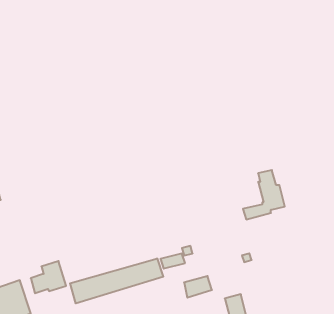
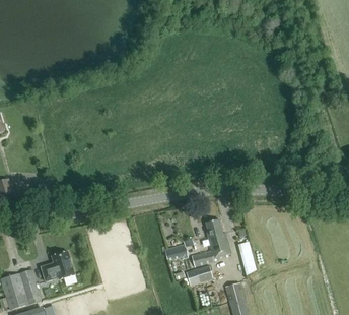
building: [243,170,285,219] -> [192,219,231,266]
building: [70,258,163,303] -> none

